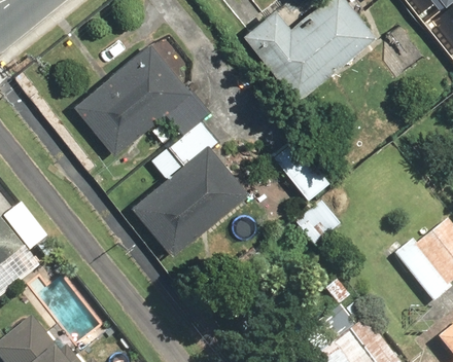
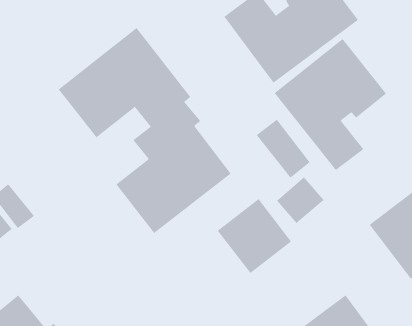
building: none -> [274,38,387,171]
building: none -> [217,198,292,274]

